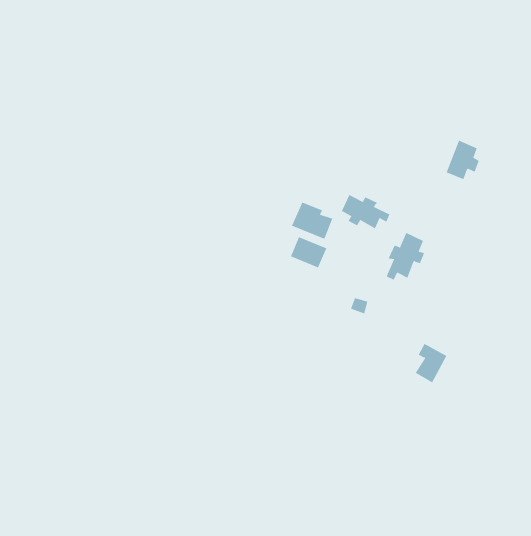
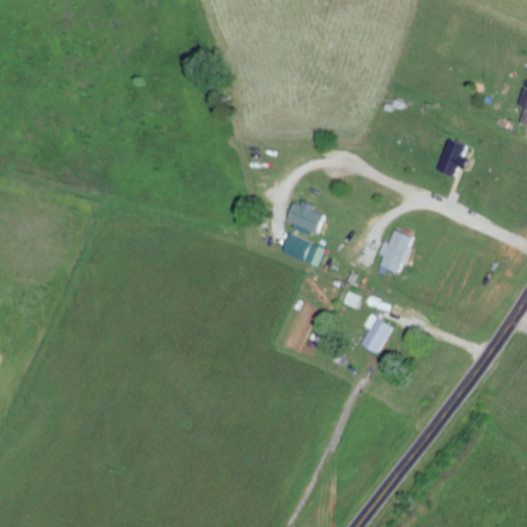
building: [341,194,390,229] -> none
building: [415,343,447,383] -> [362,314,394,353]

